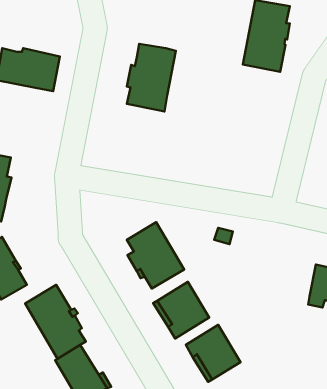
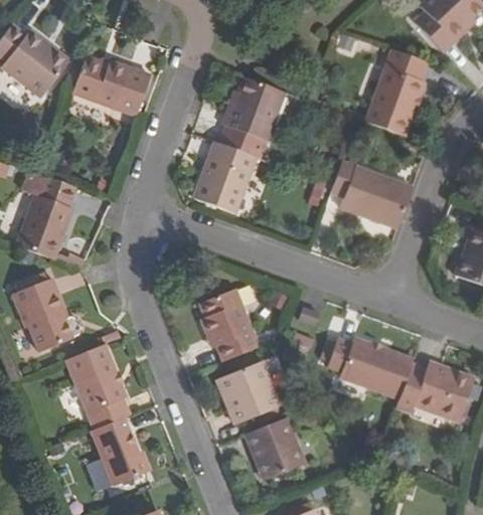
building: none -> [330,160,414,226]
building: none -> [195,142,256,214]
building: none -> [328,338,413,401]

